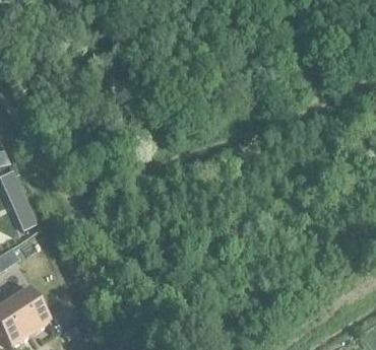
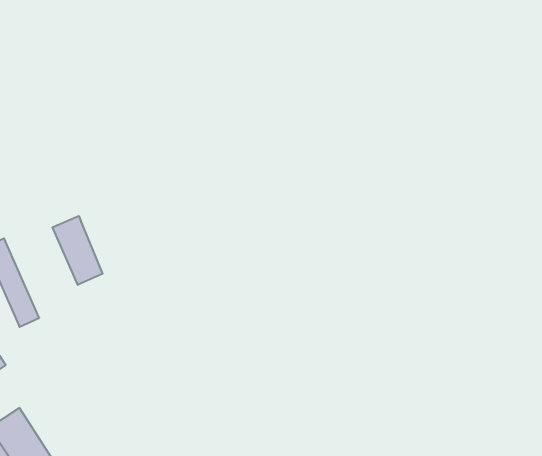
building: none -> [52,216,103,285]

